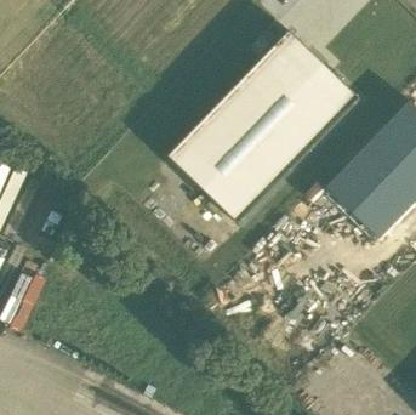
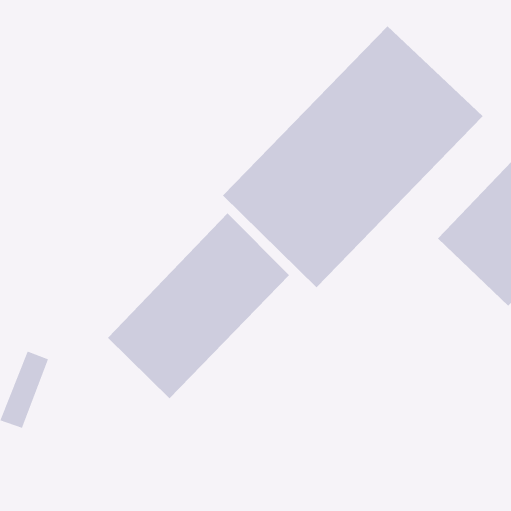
building: none -> [107,213,290,399]

